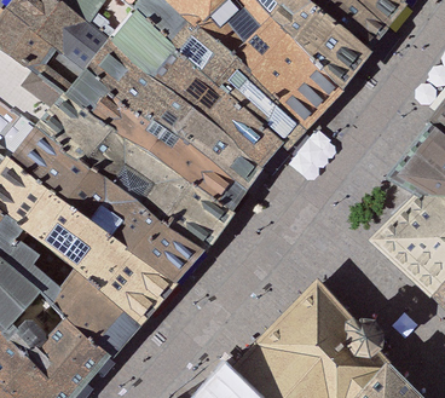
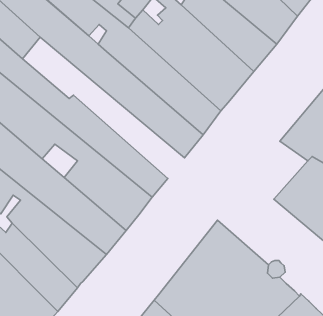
building: [71,53,260,218] -> none

